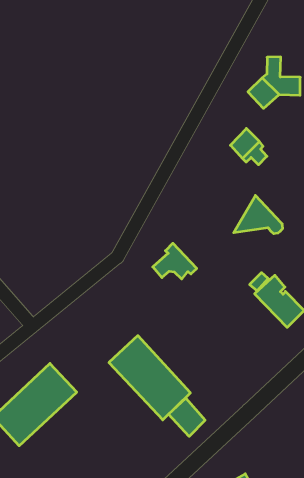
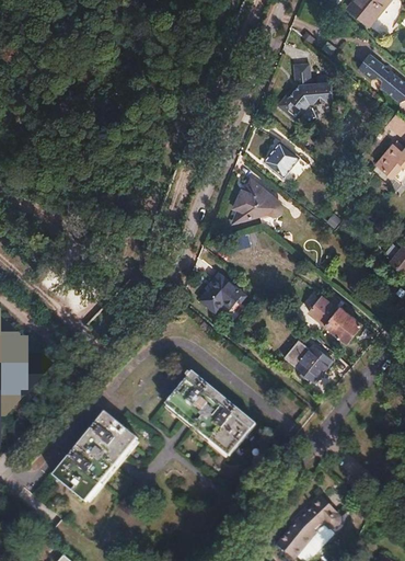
building: [234,195,283,234] -> [233,180,284,221]
building: none -> [284,339,332,381]
building: [169,398,205,436] -> none

